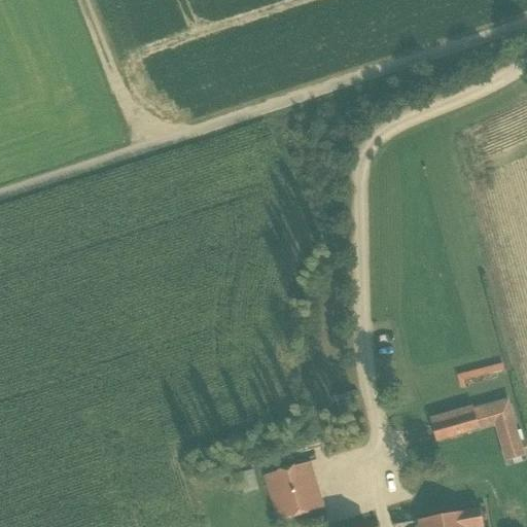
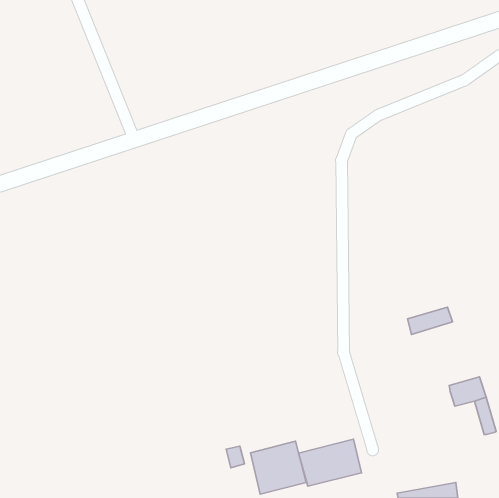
building: [431,412,479,441] -> [407,307,452,334]
building: none -> [299,439,362,486]

